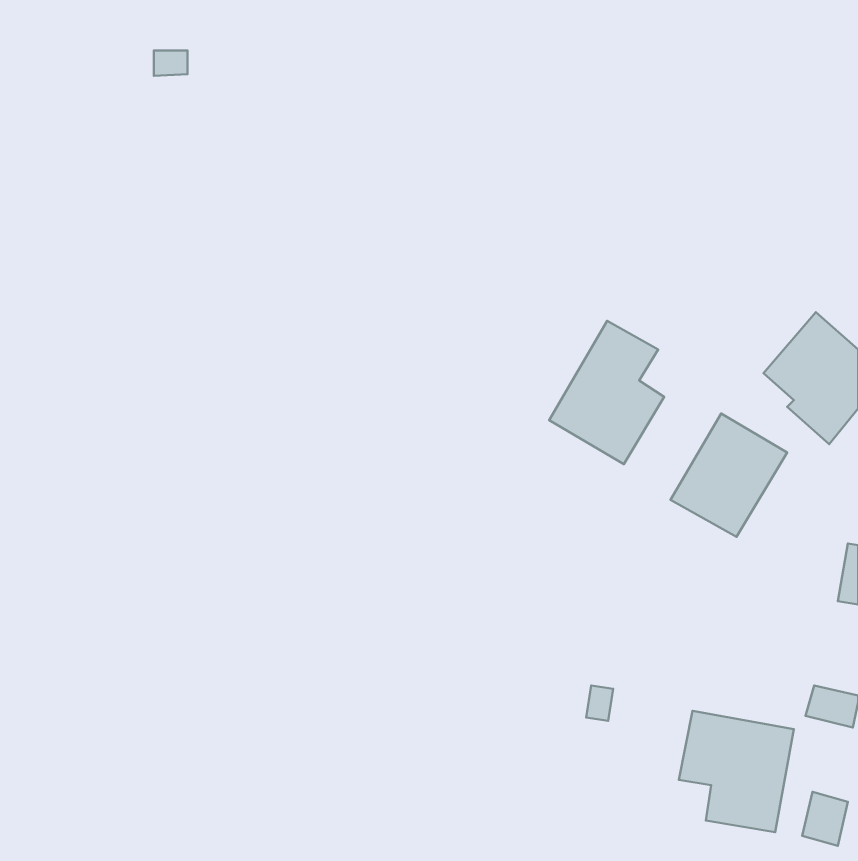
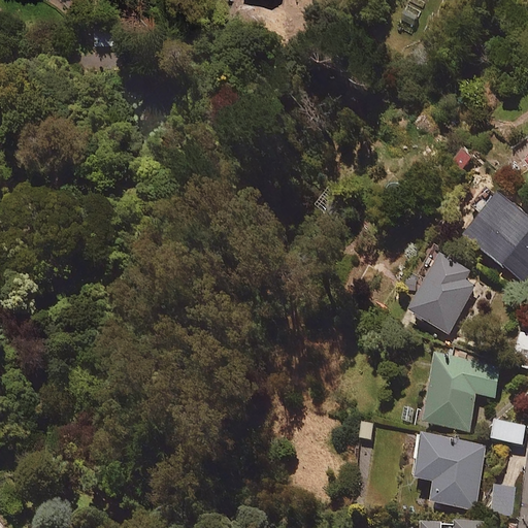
building: [549,321,664,464] -> none
building: none -> [423,353,499,430]

